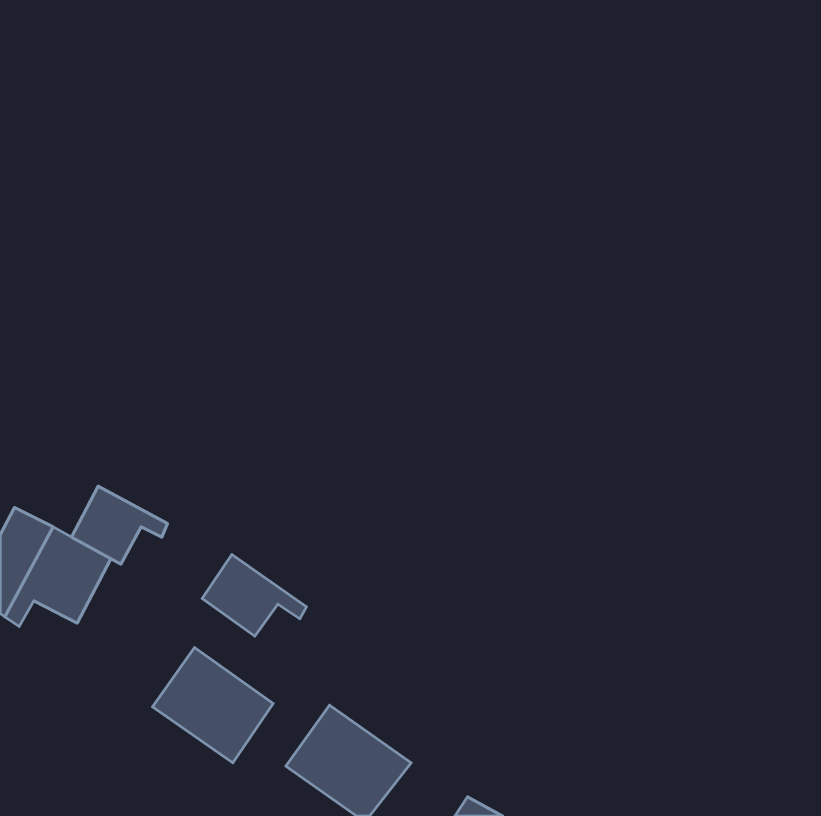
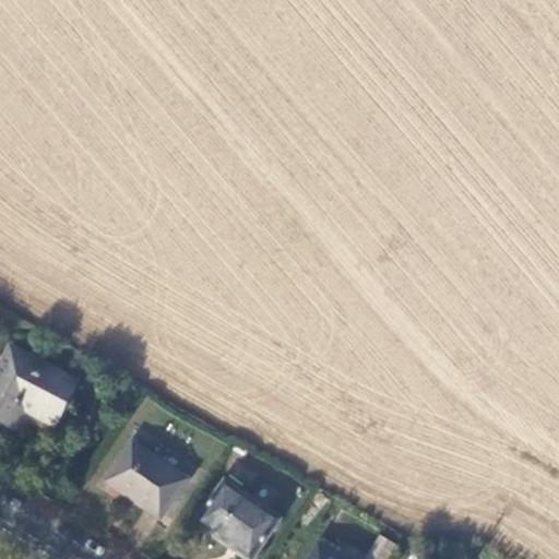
building: [72,486,168,564] -> none
building: [202,554,307,636] -> none

